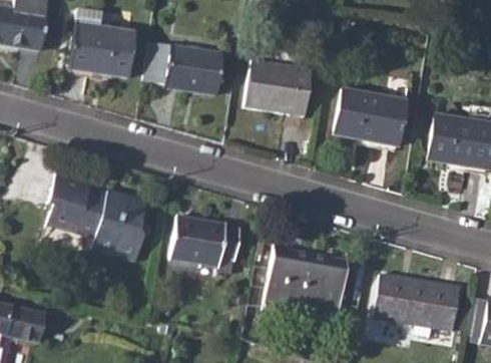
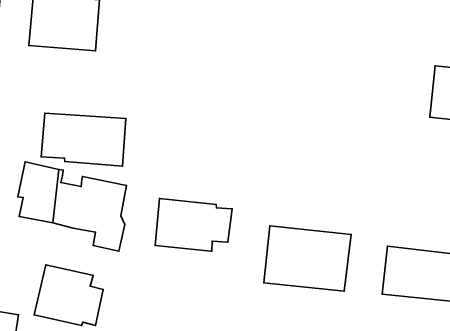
building: [143,41,222,94] -> [41,113,126,166]
building: [246,60,312,115] -> none
building: [334,89,405,146] -> none
building: none -> [34,265,103,326]

